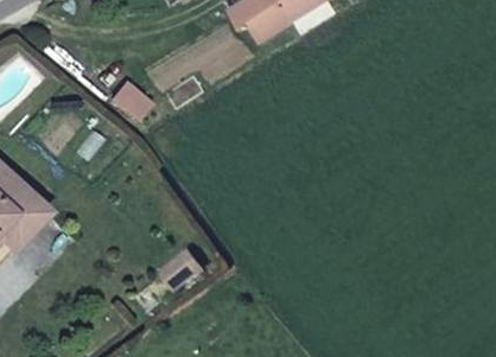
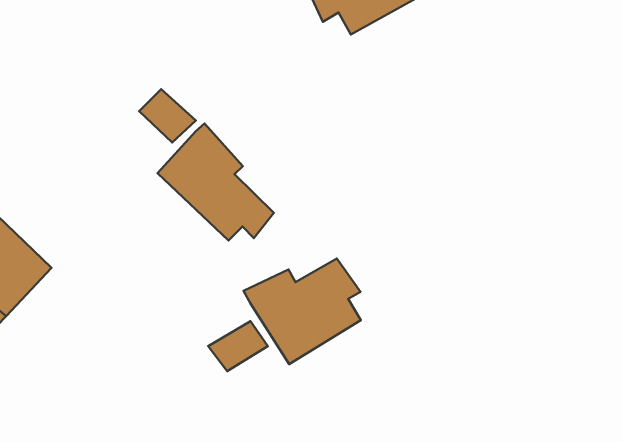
building: none -> [158,123,274,241]
building: none -> [243,258,361,364]

